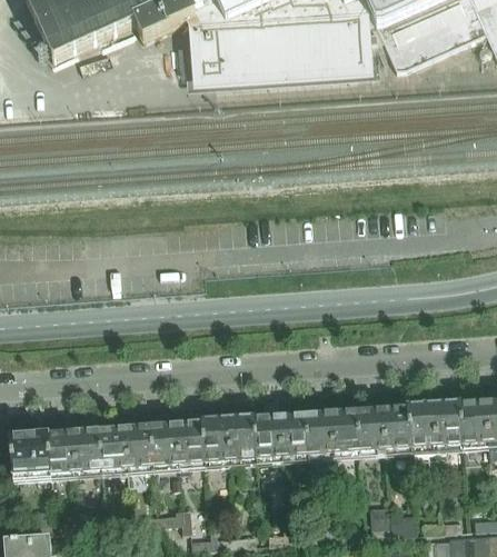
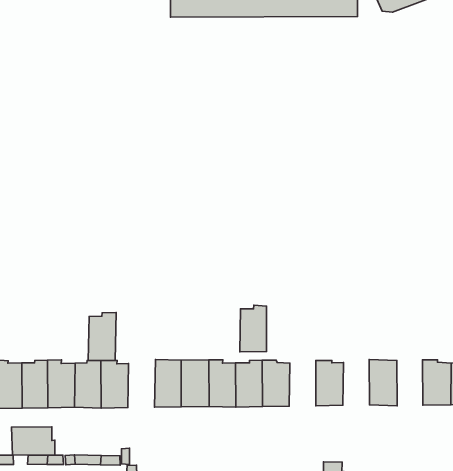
building: [435,400,463,446] -> none
building: [384,404,411,449] -> none
building: [332,408,360,454] -> [240,305,267,352]
building: [178,418,206,466] -> [88,313,116,361]
building: none -> [12,427,55,455]

